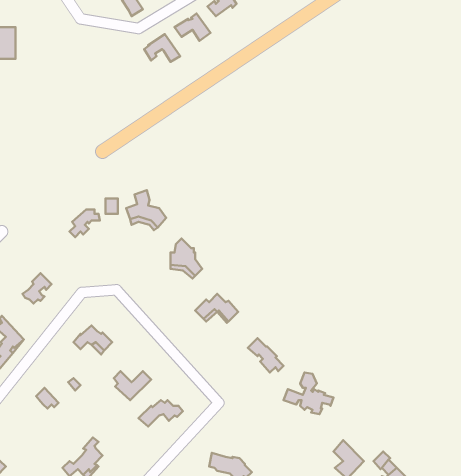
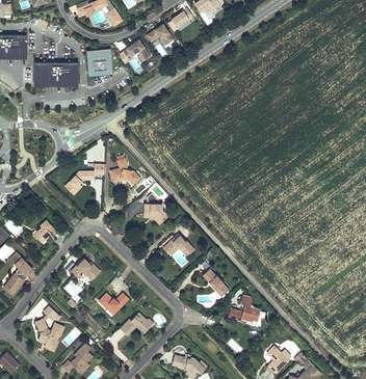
building: none -> [85,47,111,74]
building: none -> [33,62,77,86]
building: none -> [34,319,63,349]

